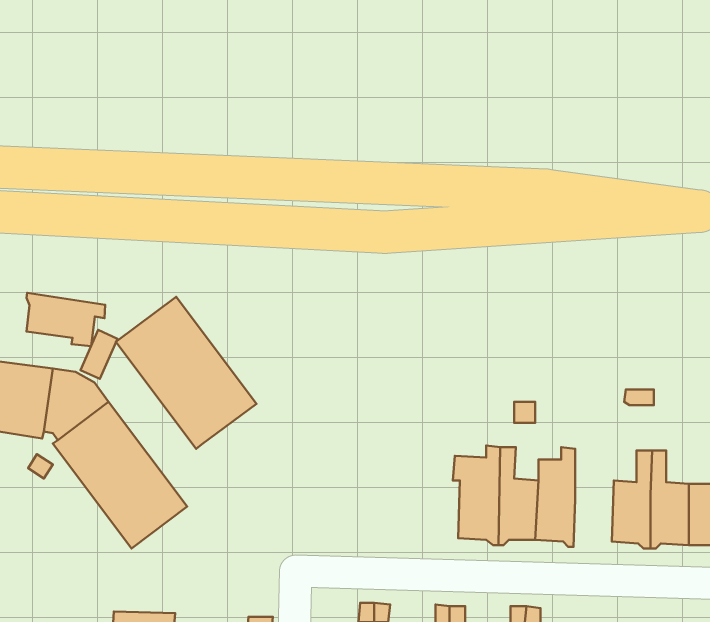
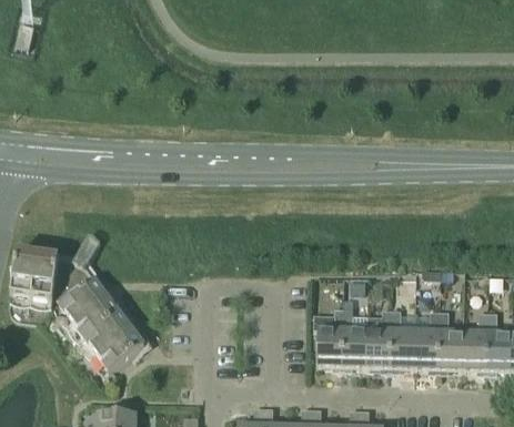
building: [26,293,105,346] -> none
building: [116,297,256,449] -> none
building: none -> [389,309,414,372]

